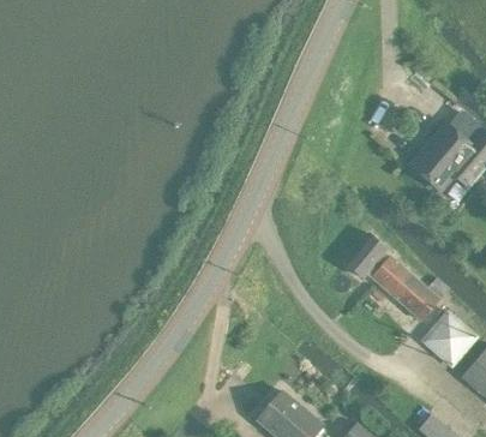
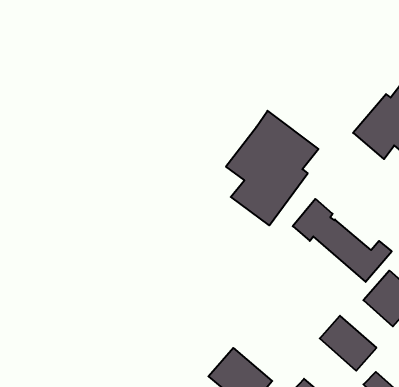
building: none -> [226,111,318,225]
building: none -> [320,316,376,371]

